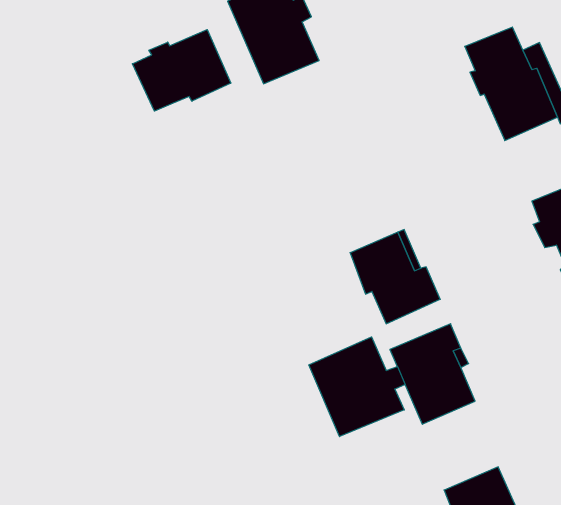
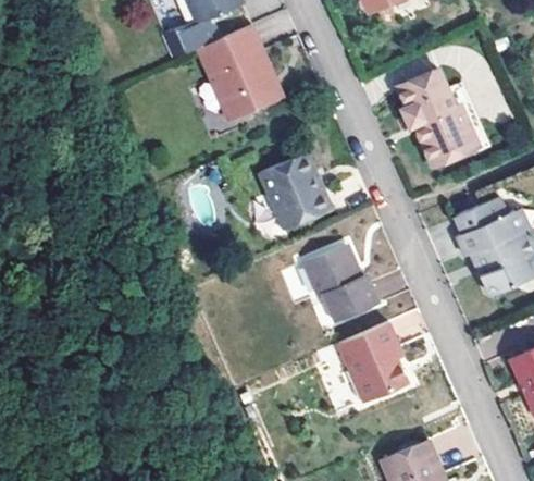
building: [132,30,231,111] -> none
building: none -> [254,152,332,233]
building: [309,337,405,437] -> none

